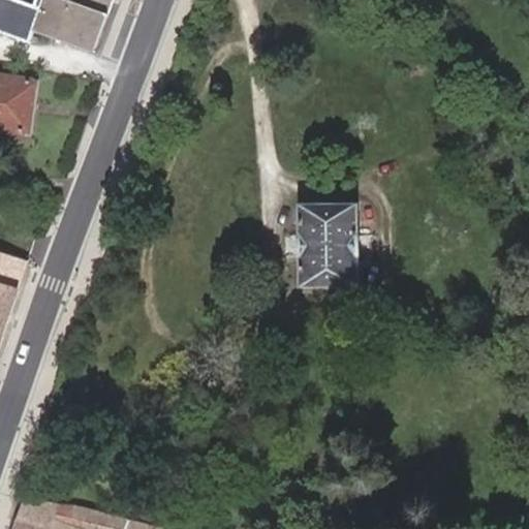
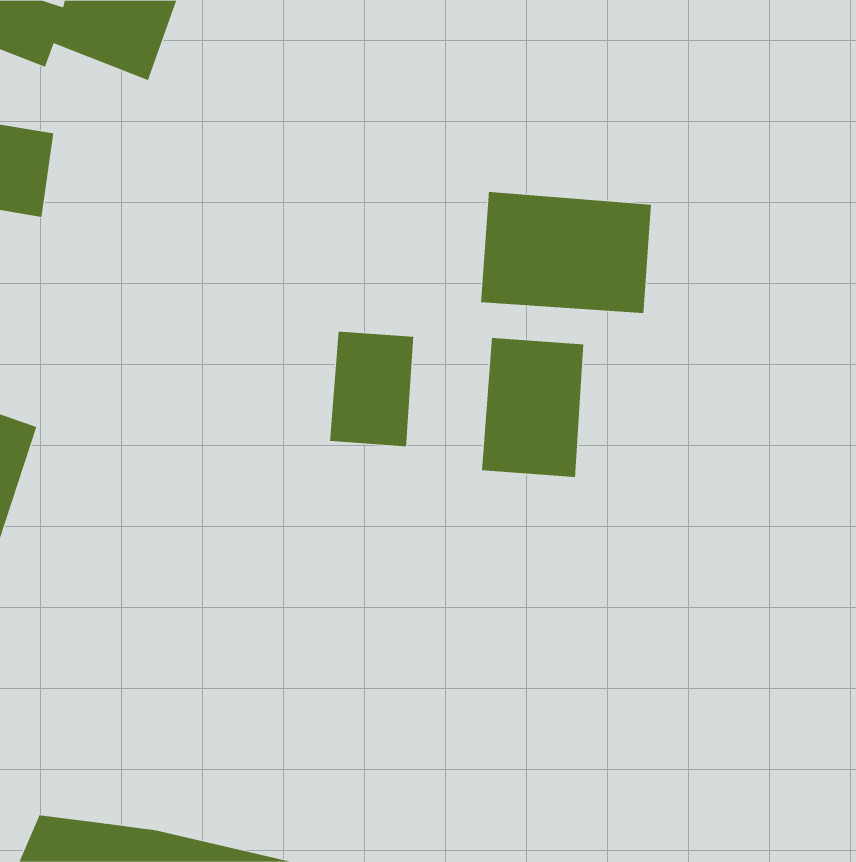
building: none -> [481,191,651,314]
building: none -> [329,331,414,447]

